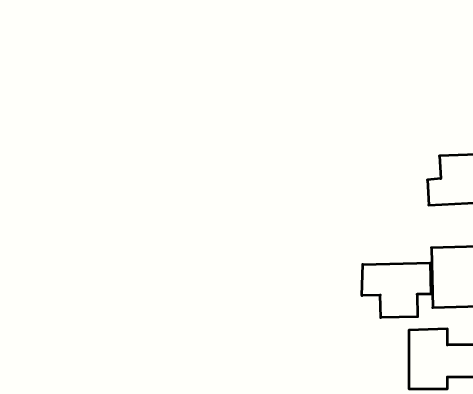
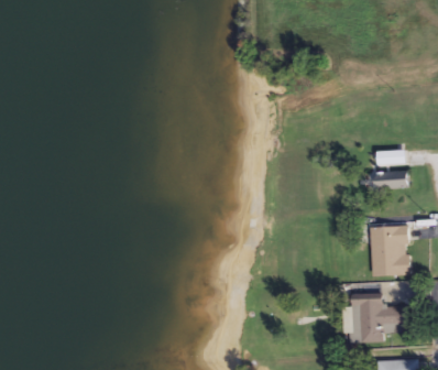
building: [362,263,431,318] -> none

